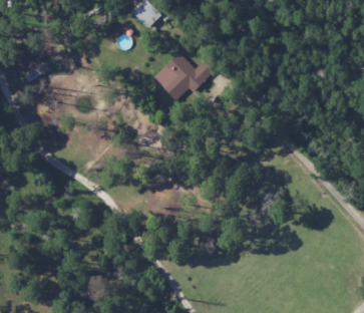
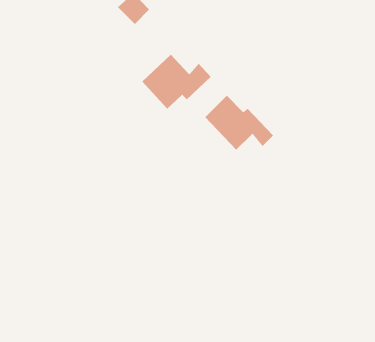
building: none -> [205,95,274,150]

